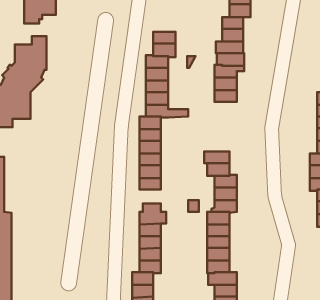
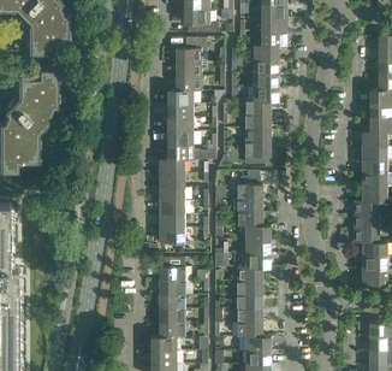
building: none -> [176,39,207,64]
building: none -> [245,143,271,166]
building: none -> [237,172,262,200]

